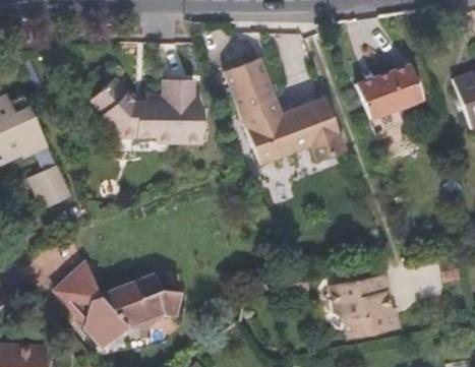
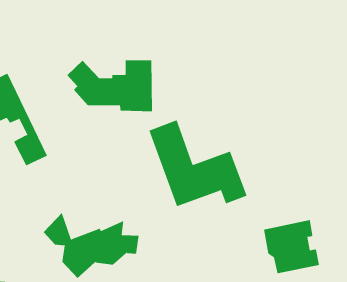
building: [227,57,346,162] -> [148,119,248,207]
building: [357,65,421,119] -> none

